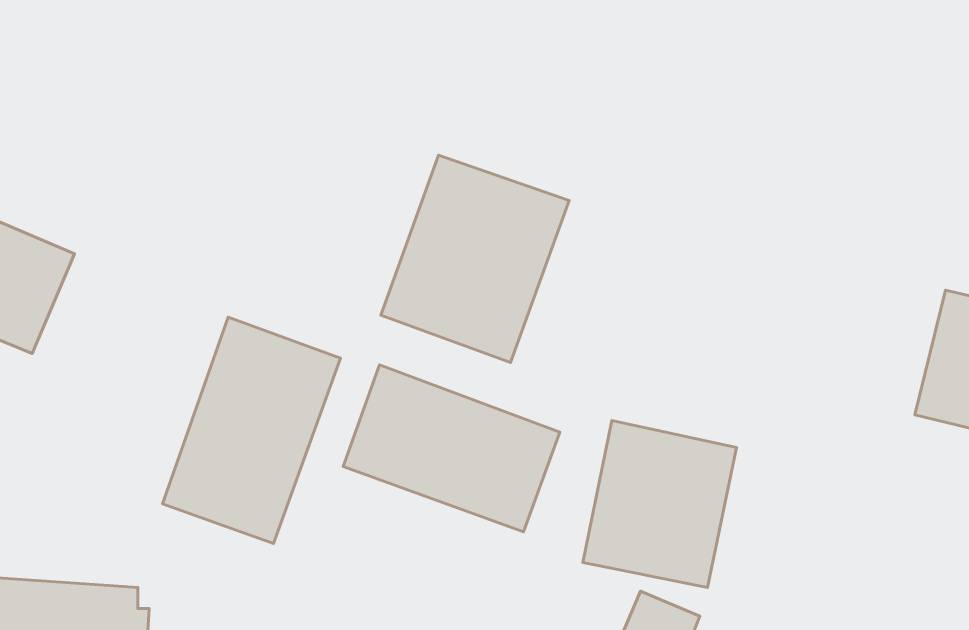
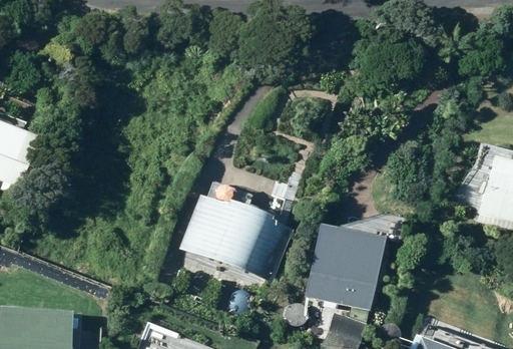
building: [381,155,569,362] -> none
building: [163,317,341,544] -> none

